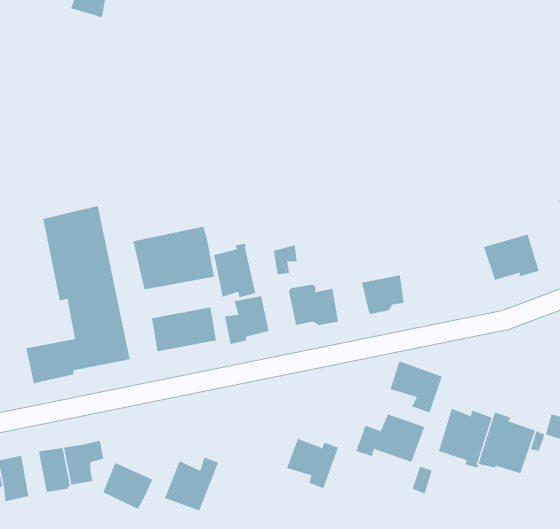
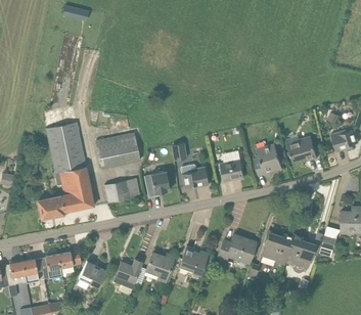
building: [213,243,256,298] -> none
building: none -> [254,144,281,176]
building: [390,361,443,413] -> none
building: none -> [146,254,174,282]

